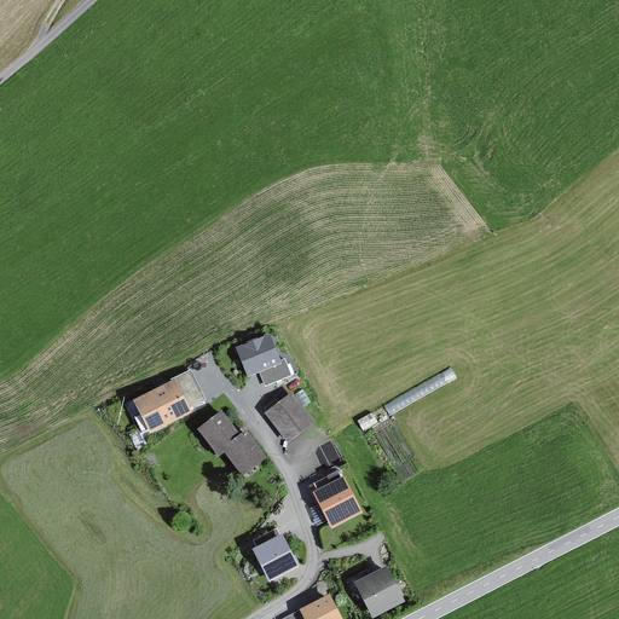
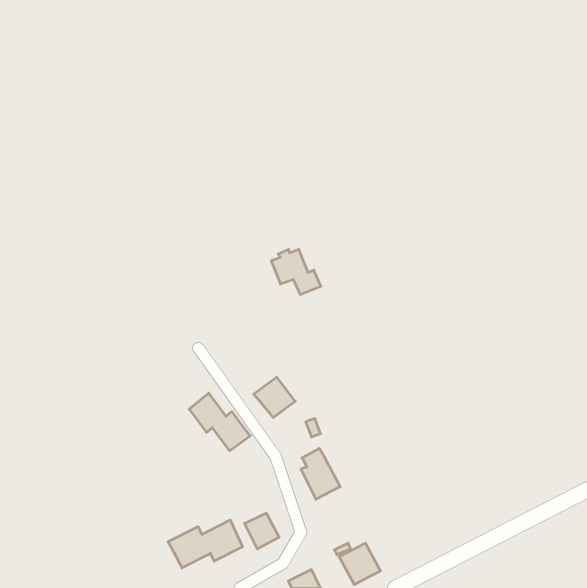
building: [237,336,289,383] -> [271,249,321,294]
building: [133,370,198,430] -> none
building: none -> [168,520,243,568]

